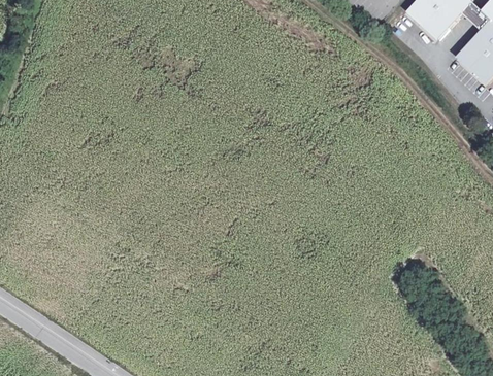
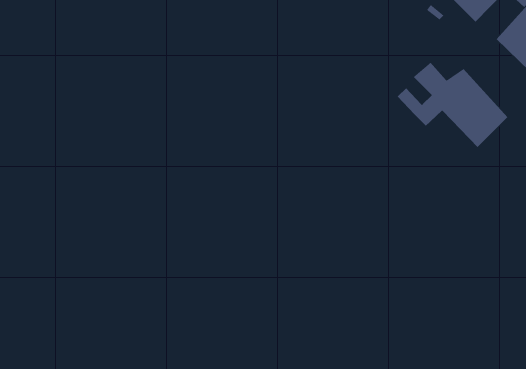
building: none -> [397,62,508,148]

